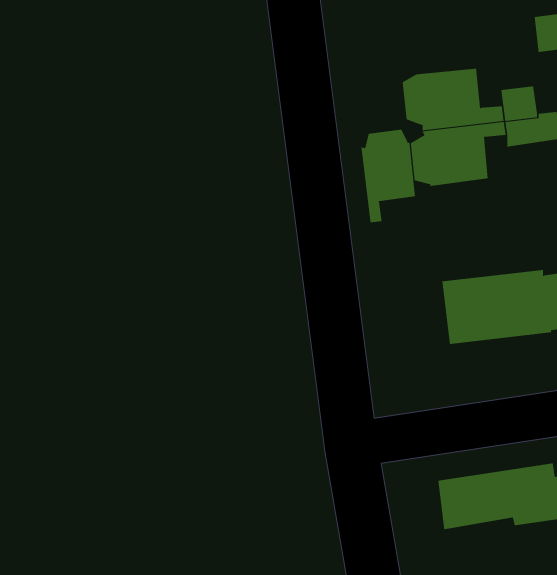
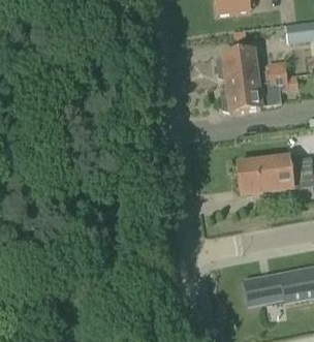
building: [361,129,416,223] -> none

